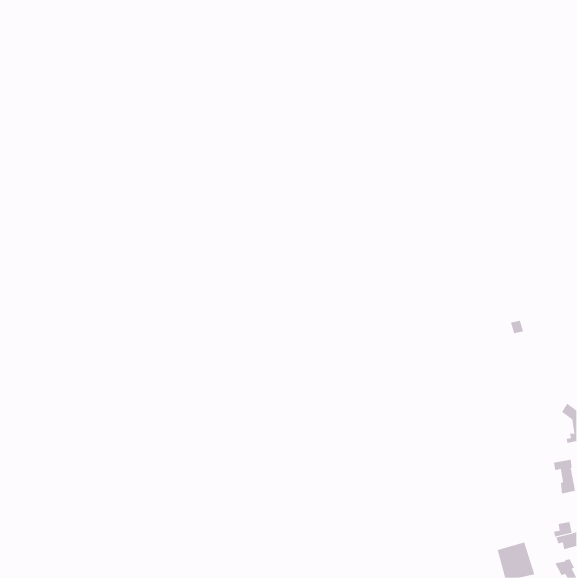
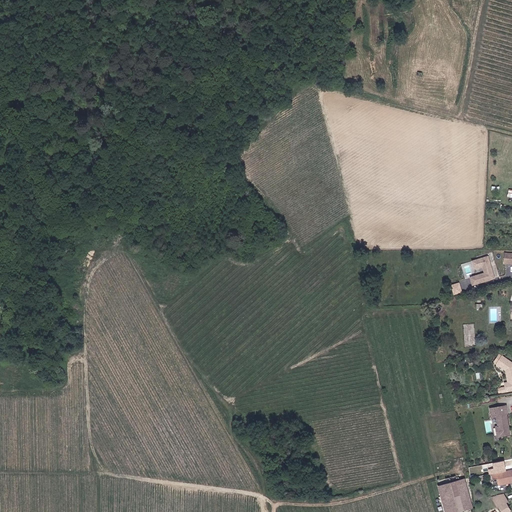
building: none -> [470,256,495,286]

